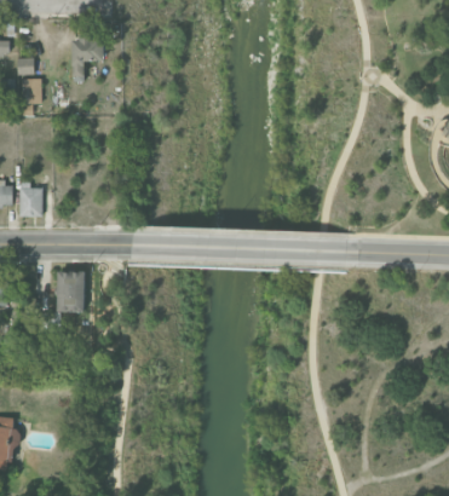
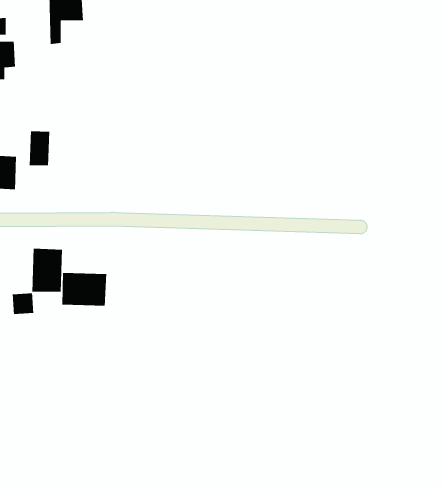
building: none -> [29,131,50,166]
building: none -> [62,272,107,306]

